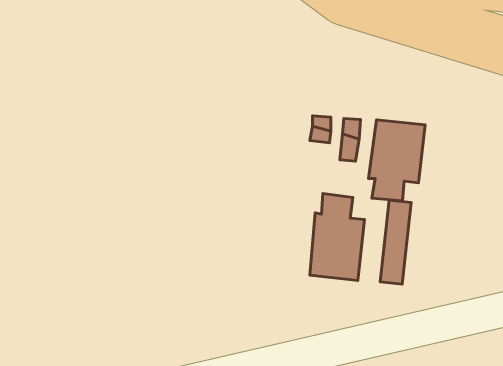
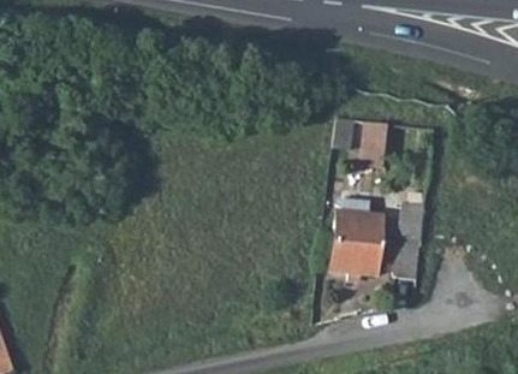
building: [368,120,425,201] -> none

